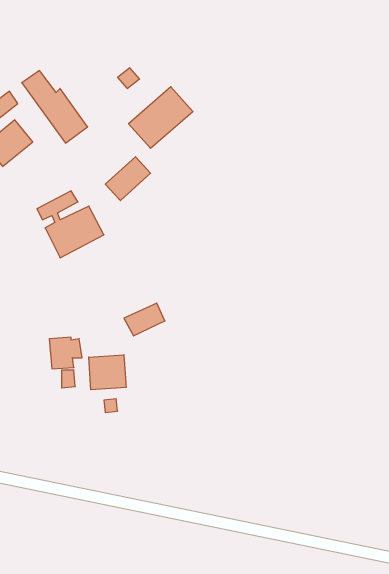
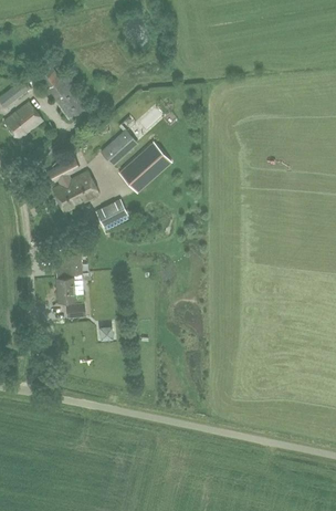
building: [129,87,193,148] -> [118,142,170,191]
building: [124,303,165,336] -> [95,199,128,226]
building: [89,355,126,390] -> none

